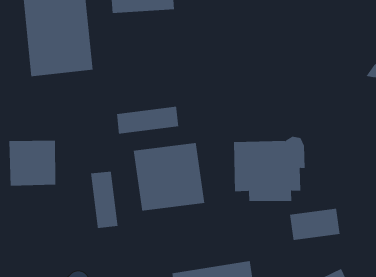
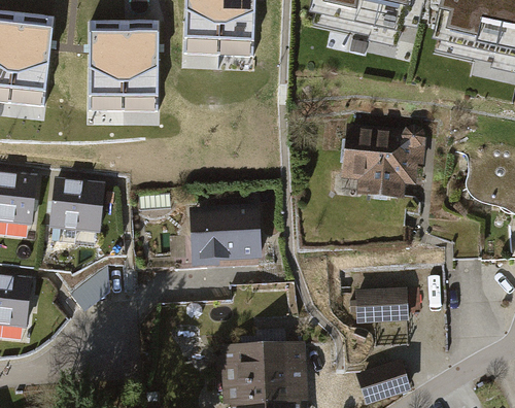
building: [116,106,179,135] -> none
building: [233,136,305,202] -> [340,126,422,198]
building: [90,171,118,229] -> none

